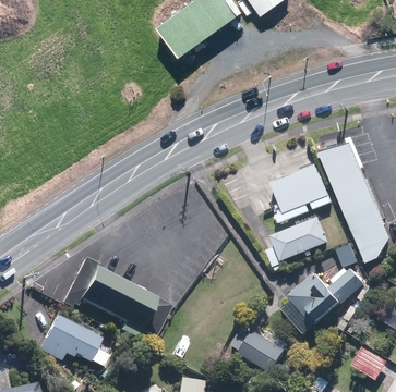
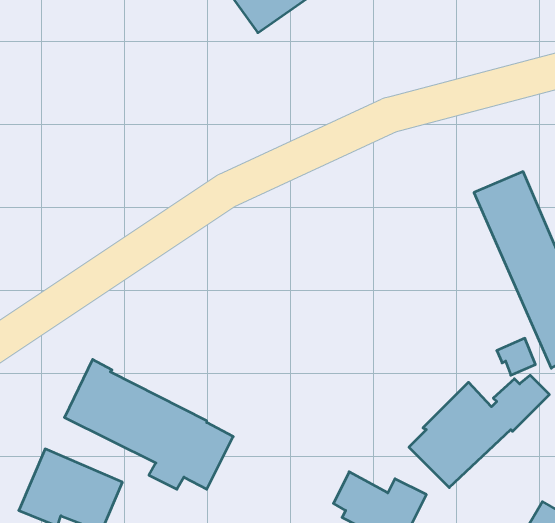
building: [273,164,328,212] -> none
building: [269,216,328,260] -> none

